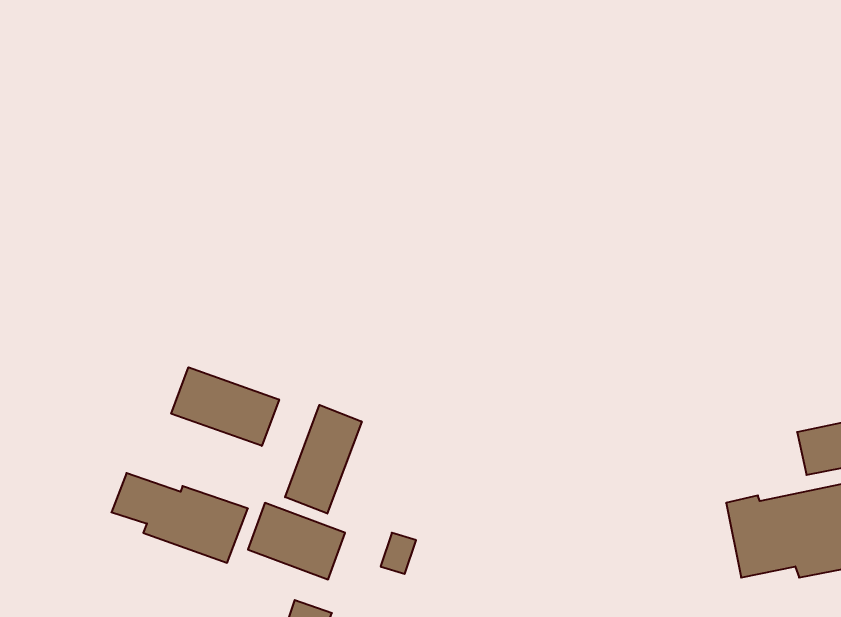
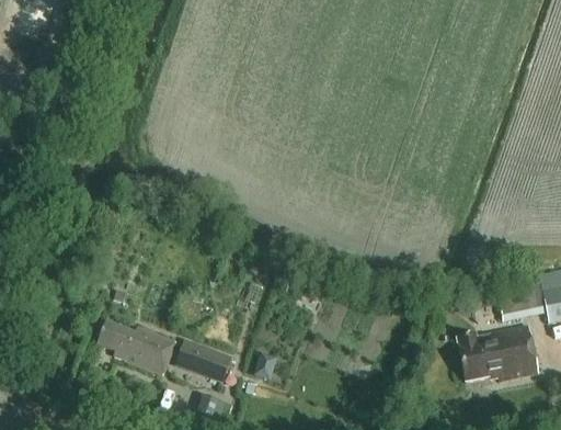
building: [171,367,279,446] -> none
building: [285,405,362,514] -> none

